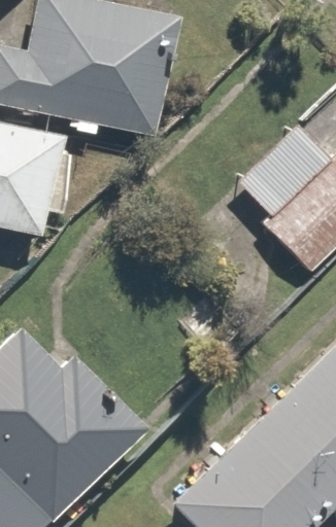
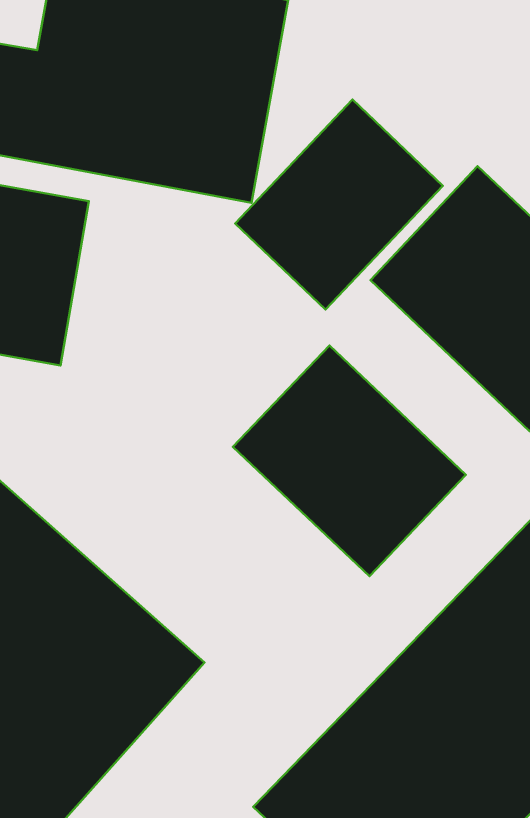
building: none -> [235,100,443,310]
building: none -> [233,345,466,576]

